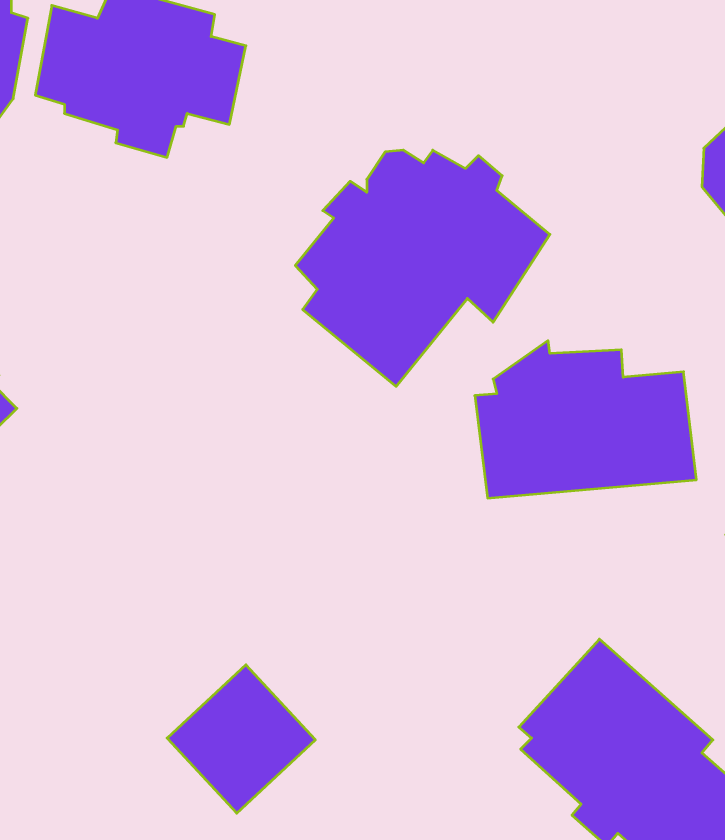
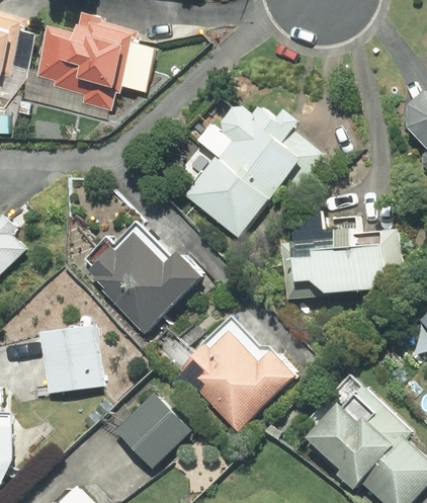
building: none -> [83,223,198,329]
building: none -> [150,318,297,435]
building: none -> [46,330,98,394]

